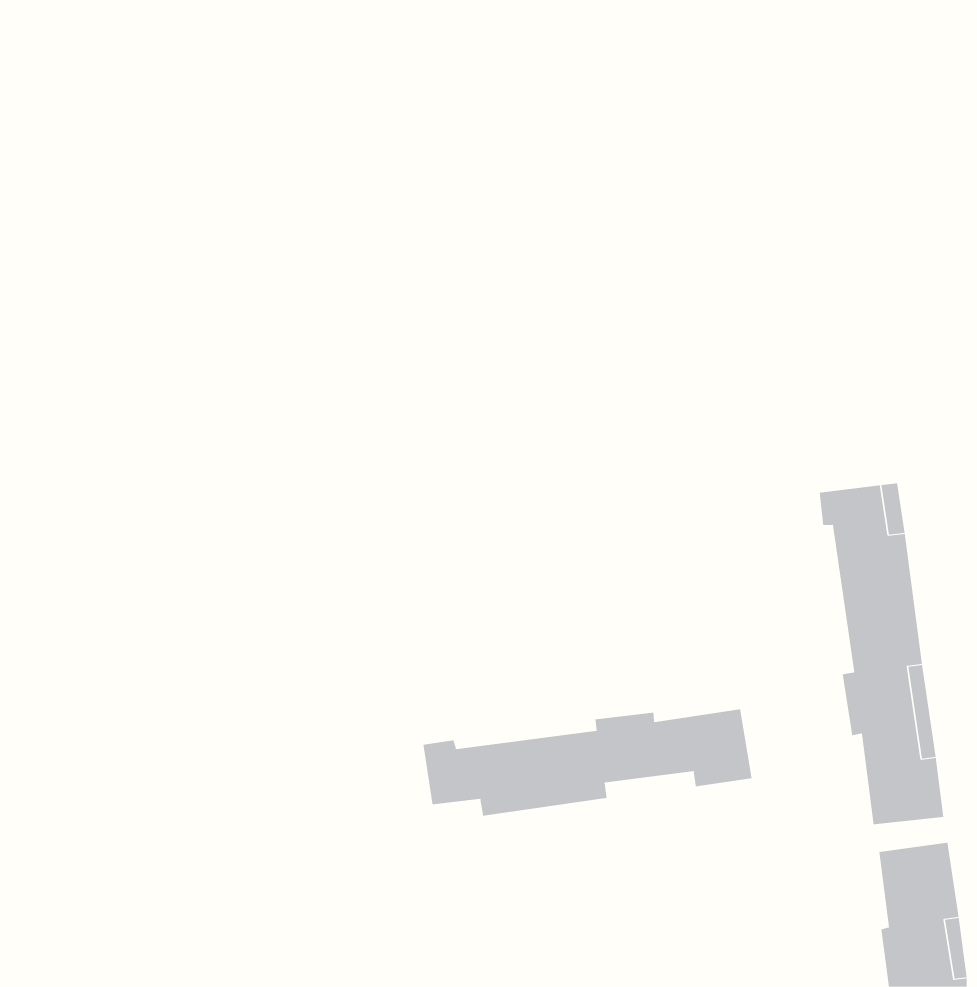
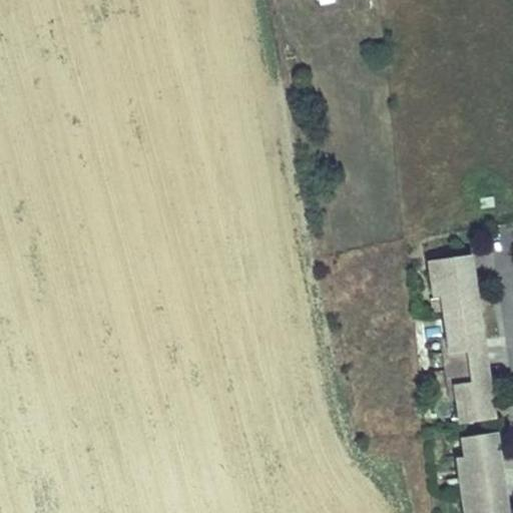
building: [423,709,752,816] -> none

